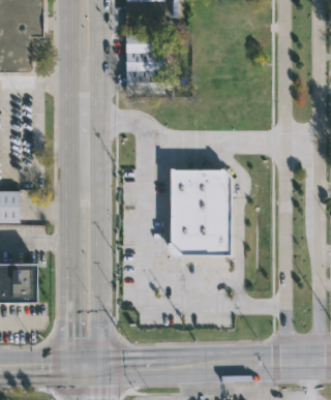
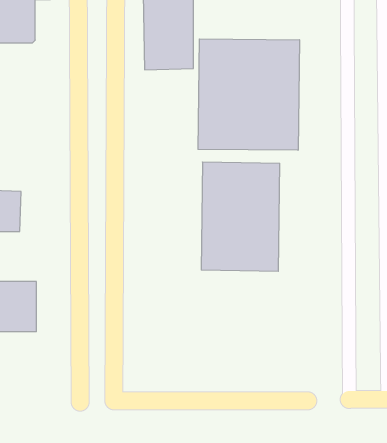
building: none -> [198,39,299,150]

